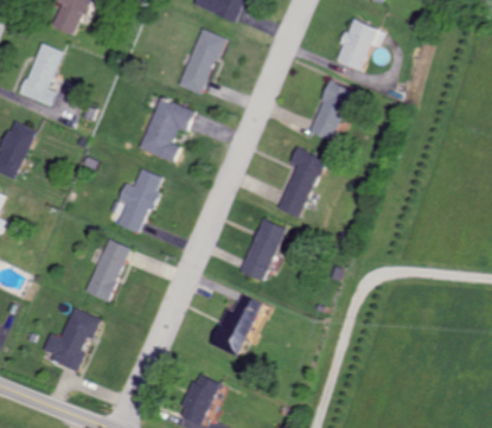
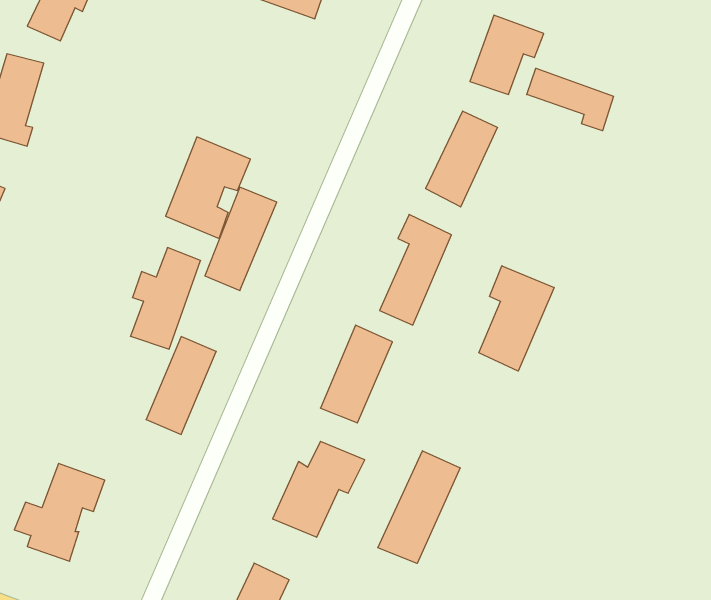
building: [179,28,225,95] -> [205,187,277,291]
building: none -> [527,68,613,131]
building: none -> [479,266,554,371]
building: [85,238,130,301] -> [146,337,216,434]
building: none -> [378,451,460,563]

